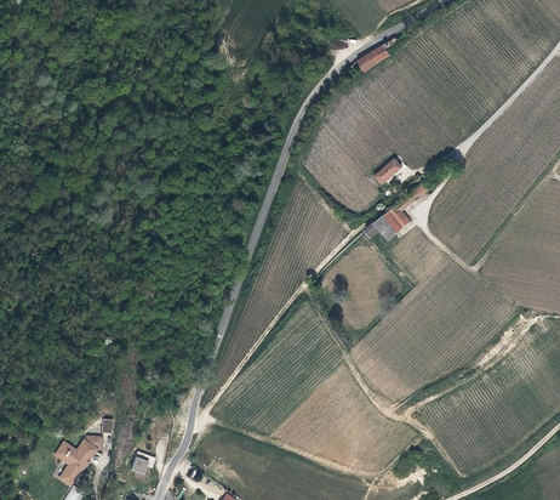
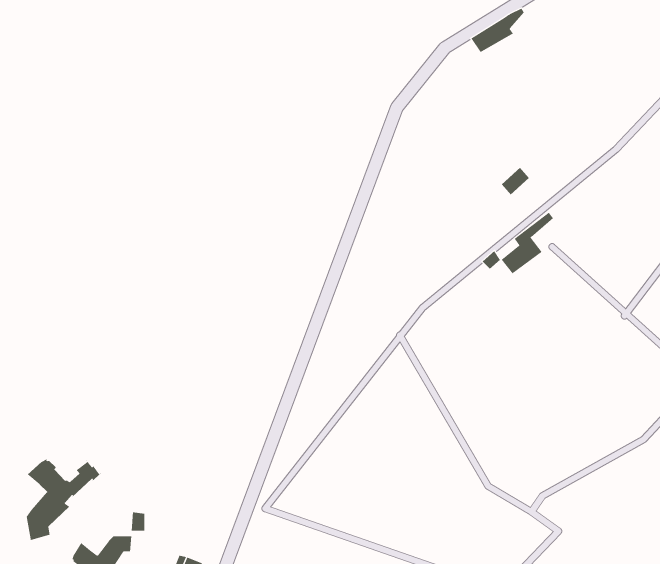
building: none -> [26,458,102,541]

